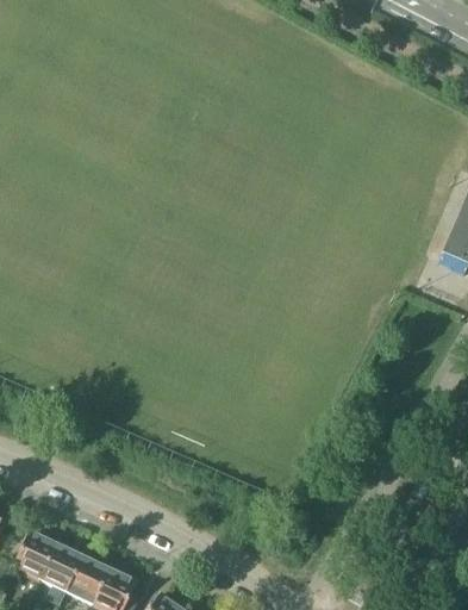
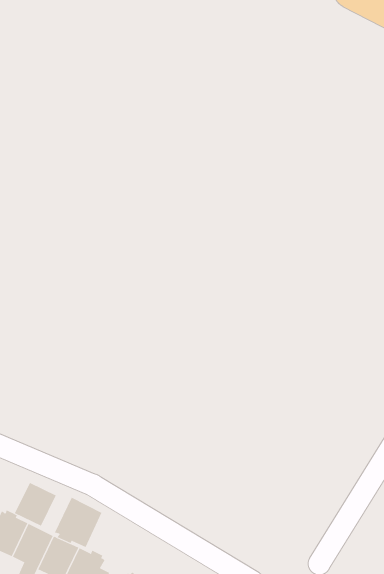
building: none -> [14,482,57,526]
building: none -> [54,497,102,548]

